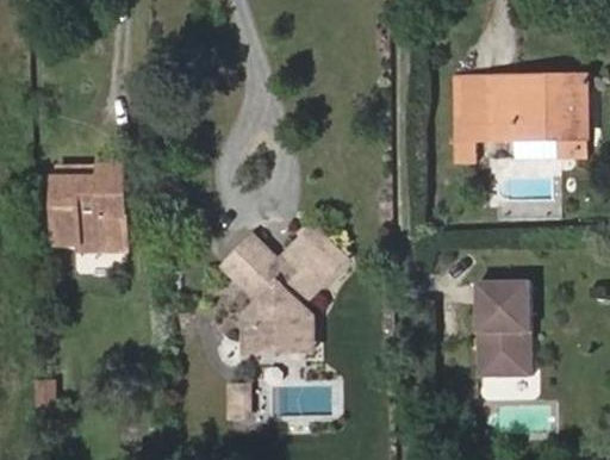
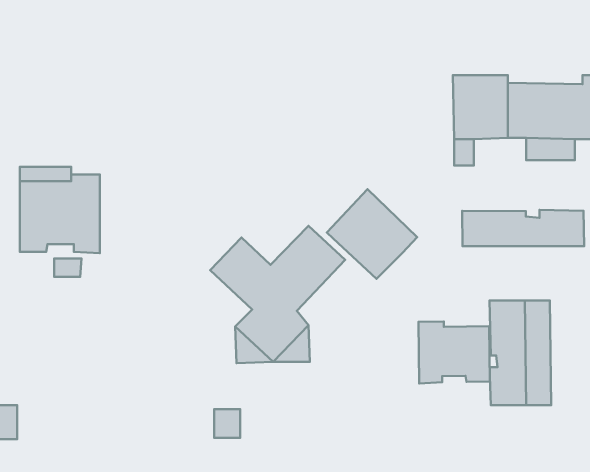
building: none -> [327,189,417,279]
building: none -> [462,210,584,246]
building: none -> [418,322,490,384]

